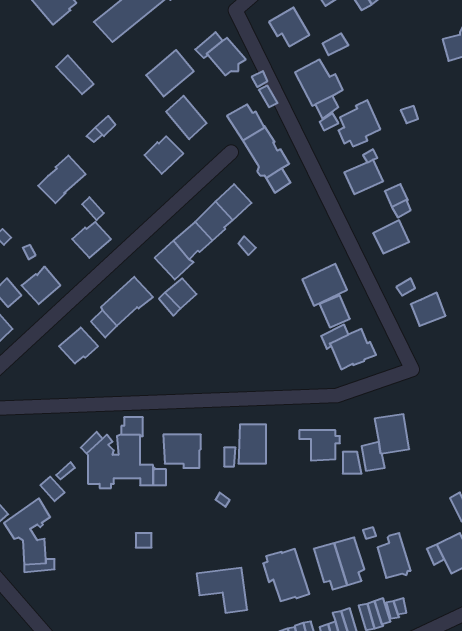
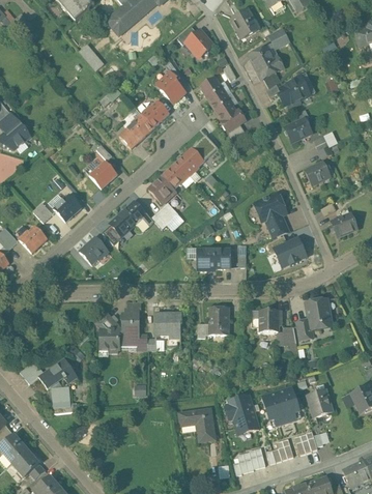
building: [146,50,194,97] -> none
building: [38,155,86,203] -> [119,114,153,148]
building: none -> [198,249,230,270]

